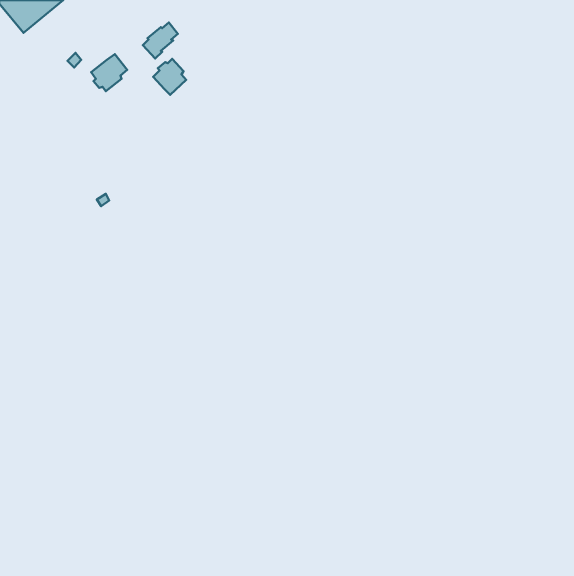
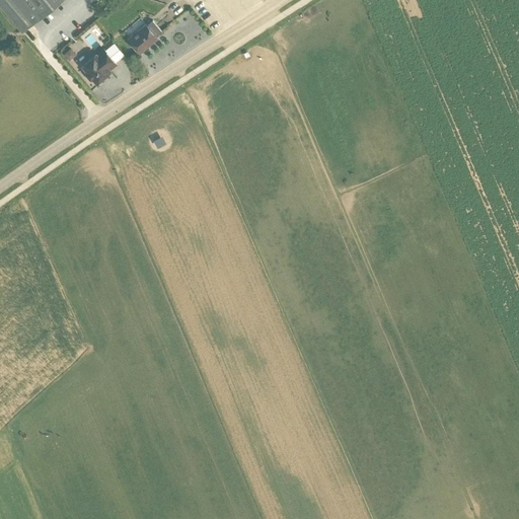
building: [153,59,186,95] -> none

